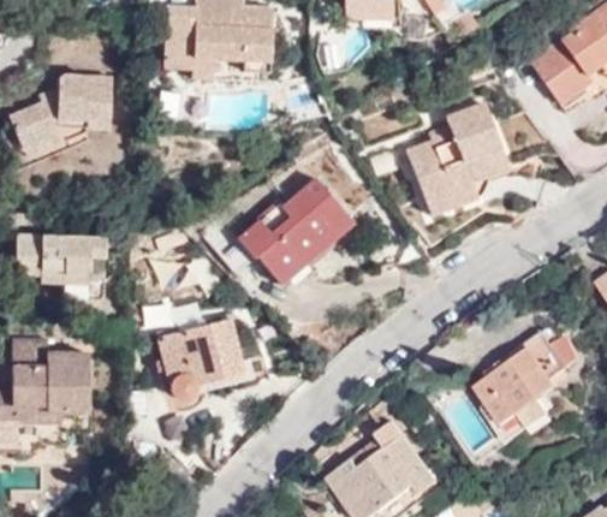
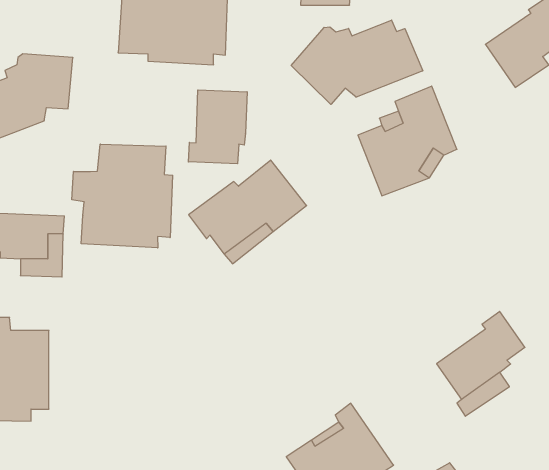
building: none -> [291,20,423,104]
building: none -> [188,90,247,164]
building: none -> [72,144,173,248]
building: [160,321,244,402] -> none

